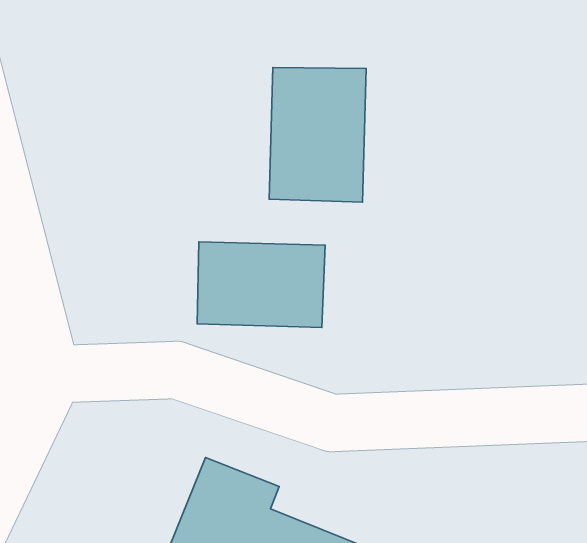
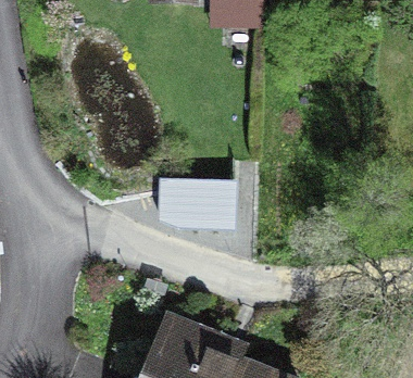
building: [269,67,366,202] -> none

